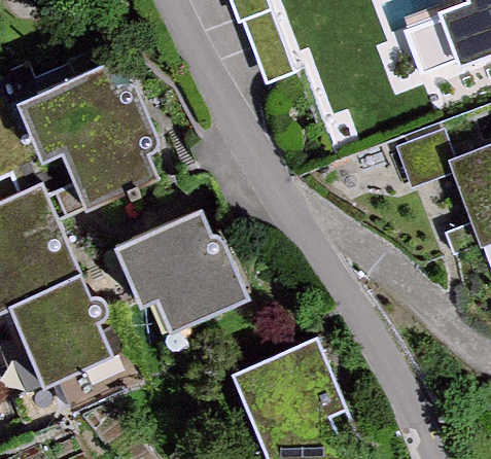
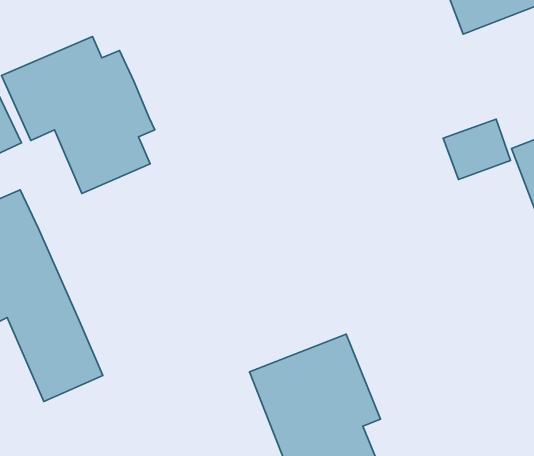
building: [138,219,254,336] -> none

